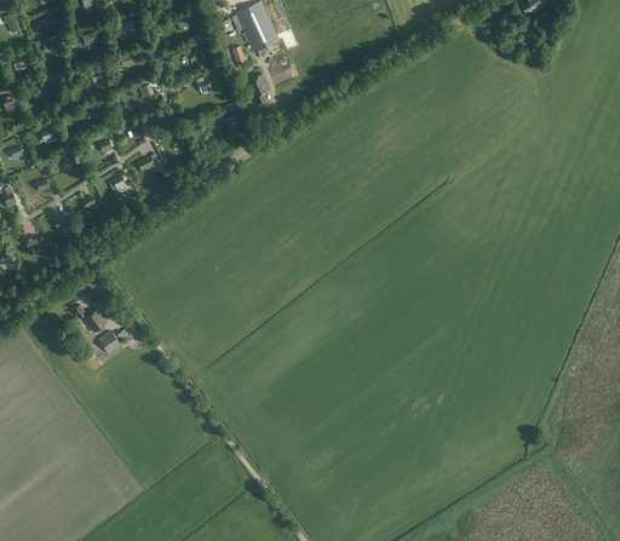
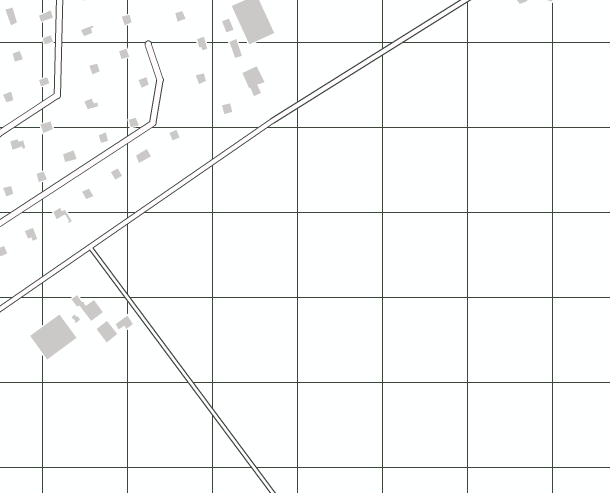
building: none -> [29,313,78,360]

